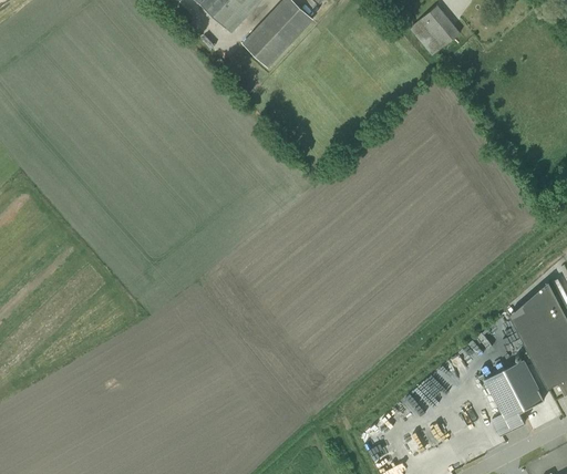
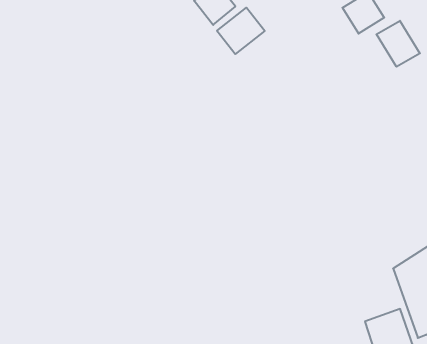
building: none -> [376,21,420,67]
building: none -> [217,8,265,54]

